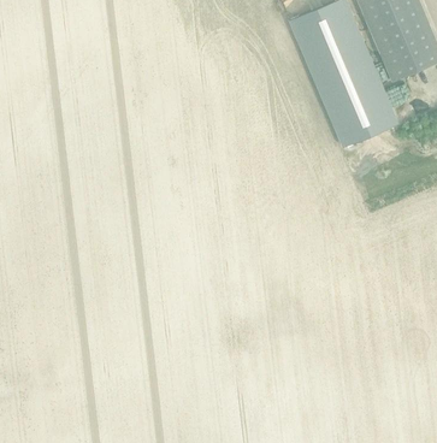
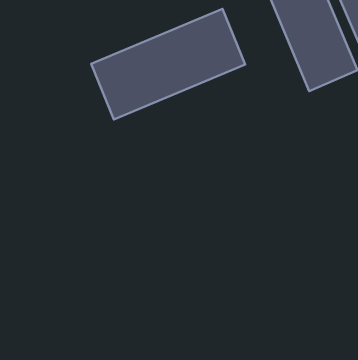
building: none -> [91,9,245,119]

